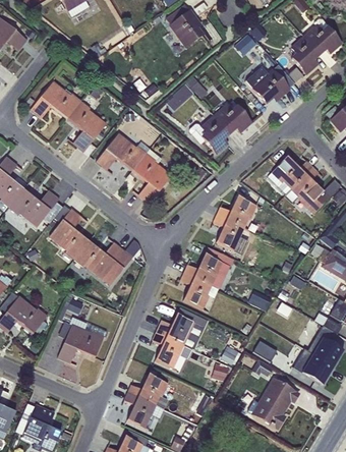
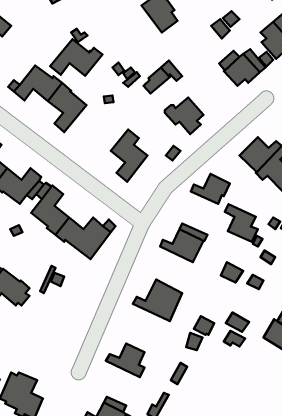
building: [214,103,251,133] -> none
building: [96,132,151,171] -> [50,39,103,76]
building: [213,214,247,253] -> [225,204,258,242]
building: [180,272,219,309] -> none
building: [57,317,108,362] -> none
building: [152,332,192,372] -> none
building: [247,378,298,429] -> none
building: [124,392,163,430] -> none

